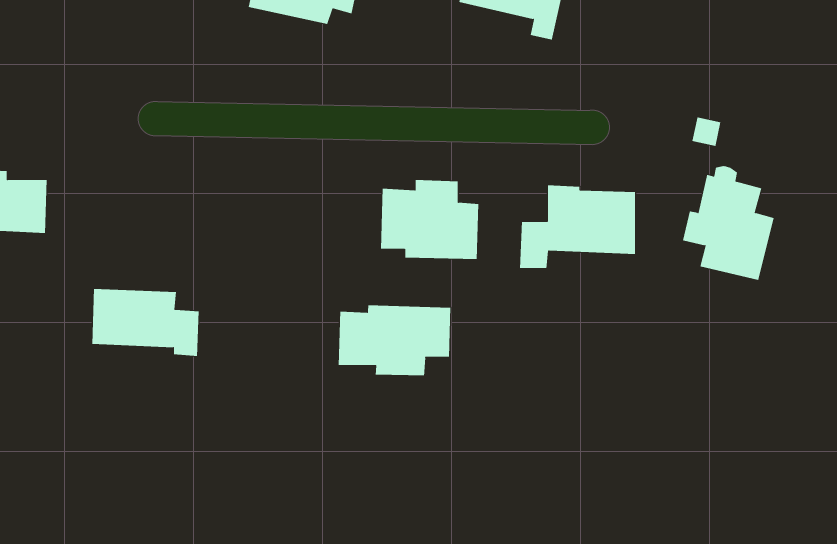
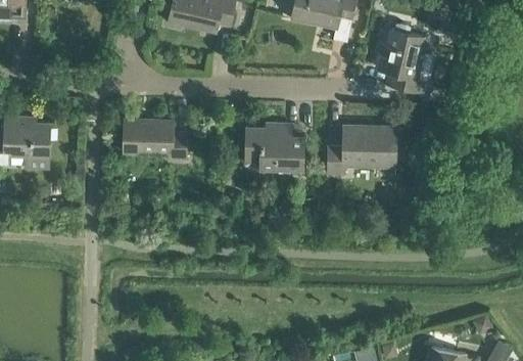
building: [682,166,775,281] -> [376,24,430,91]
building: [91,289,199,356] -> [123,120,186,160]
building: [338,304,451,376] -> none

